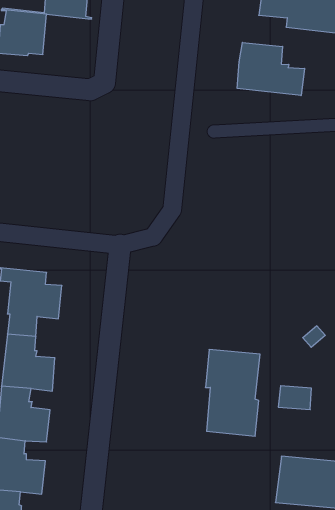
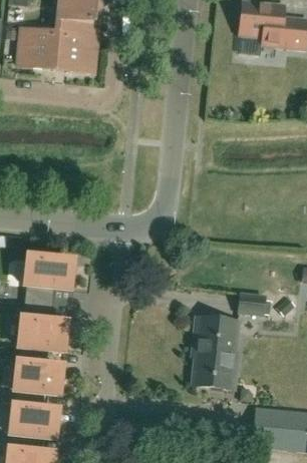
building: none -> [54,33,94,73]
building: [237,42,305,96] -> none
building: [278,386,311,410] -> [235,294,263,314]

